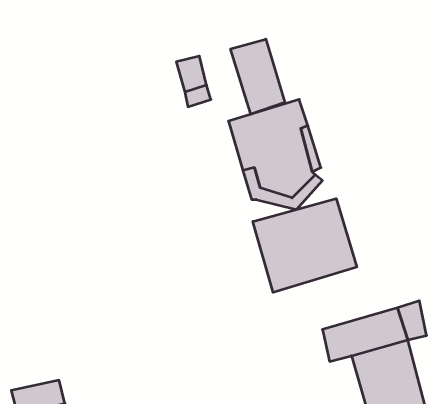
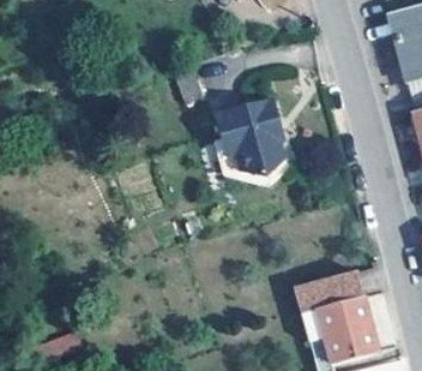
building: [231,39,285,114] -> none
building: [253,199,357,292] -> none

